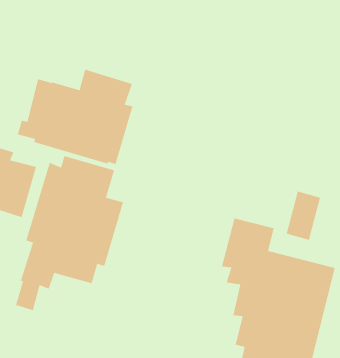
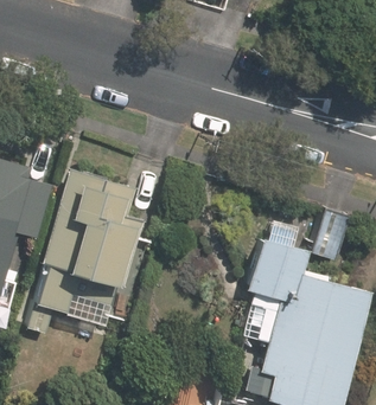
building: [17,69,133,165] -> none

